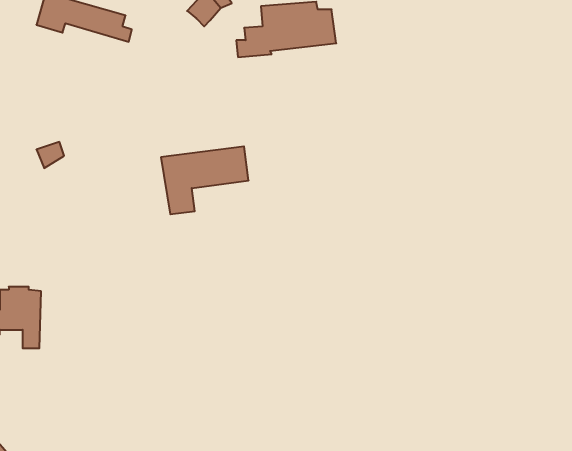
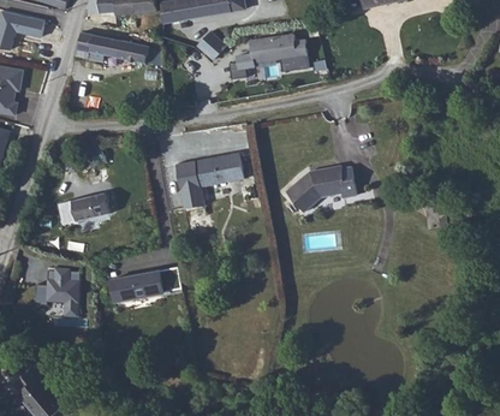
building: none -> [285,168,355,212]
building: none -> [56,183,109,218]
building: none -> [111,262,181,296]

